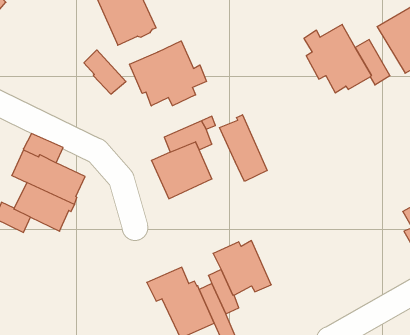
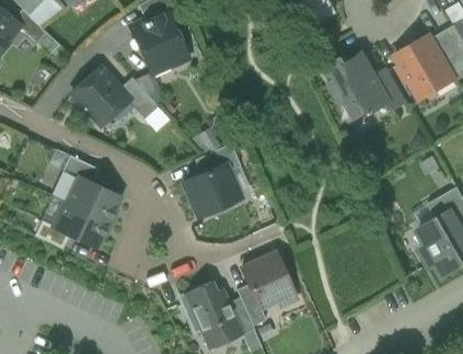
building: none -> [72,67,129,125]
building: [130,41,207,106] -> none
building: [220,115,267,181] -> none

